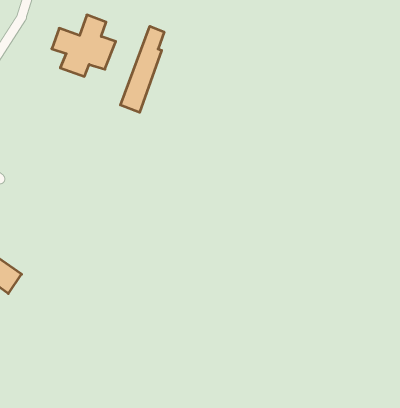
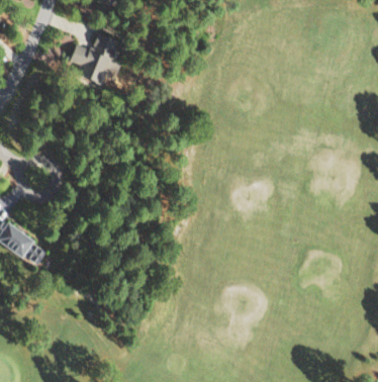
building: [120,26,164,112] -> none

